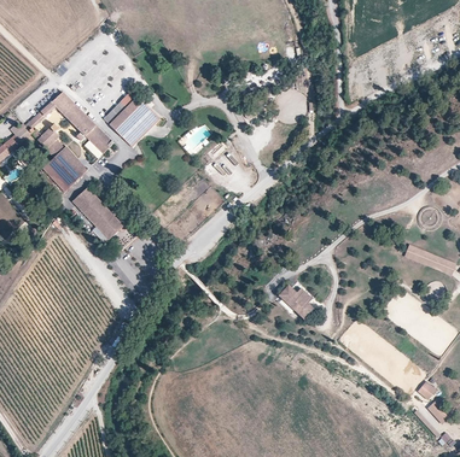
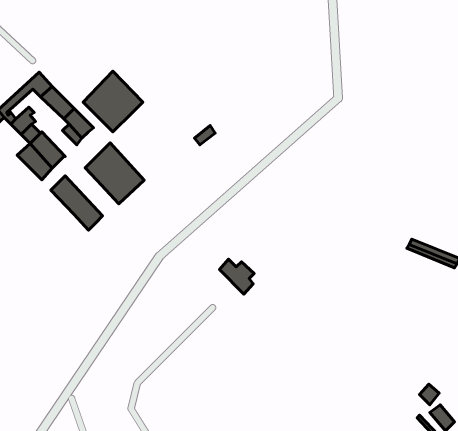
building: none -> [85,143,144,204]
building: [280,286,313,318] -> [219,259,254,294]

